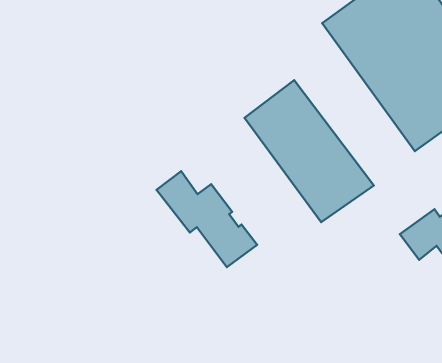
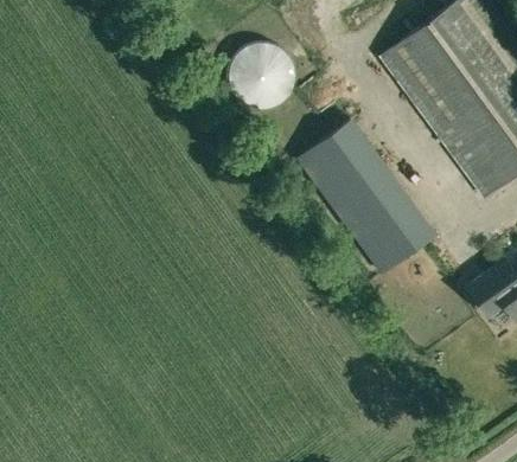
building: none -> [226,44,293,110]
building: [156,171,257,267] -> none

